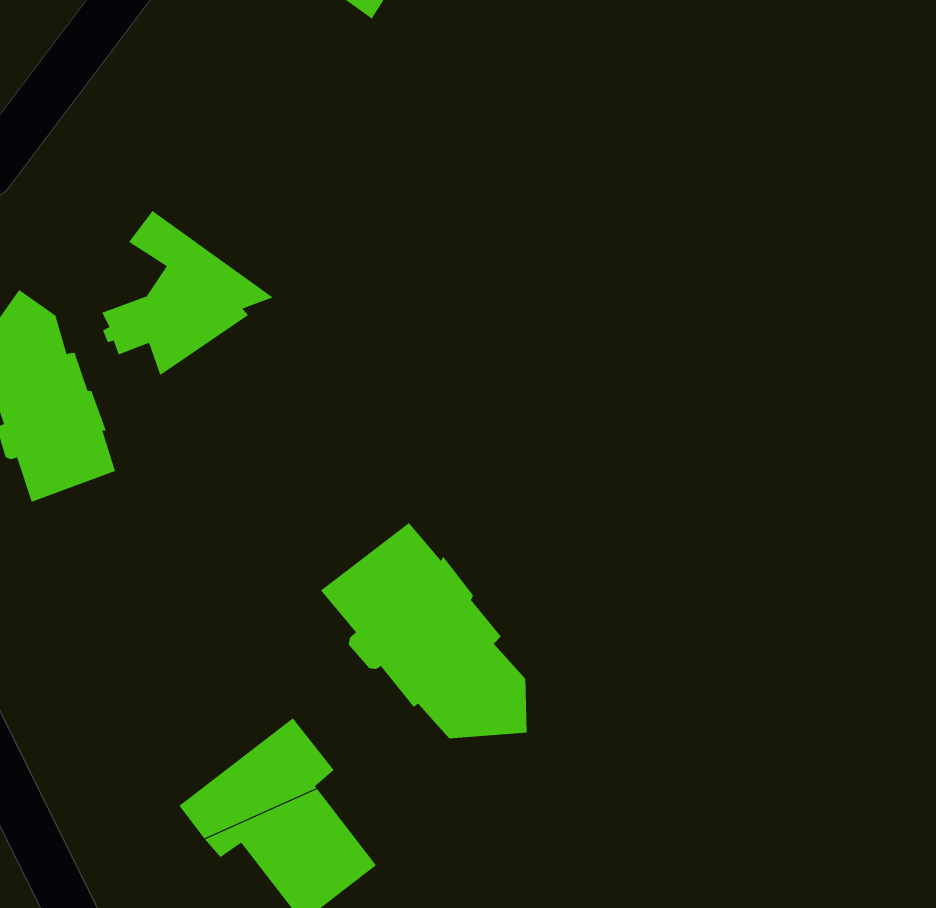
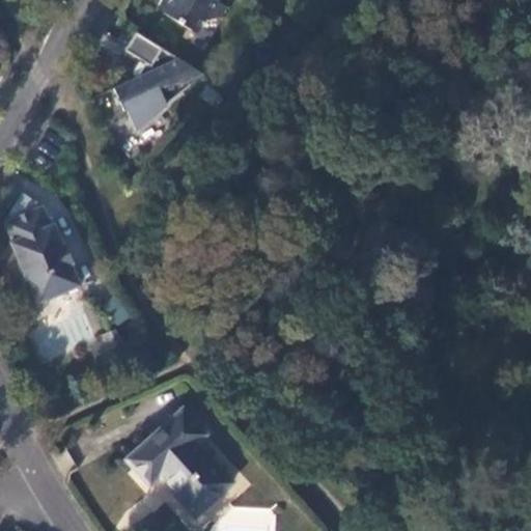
building: [102,210,274,376] -> [115,33,205,120]
building: [320,522,527,739] -> none

